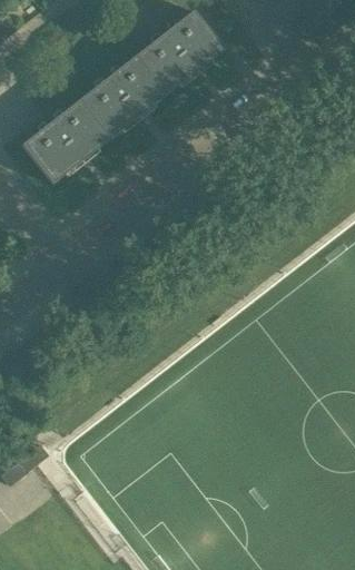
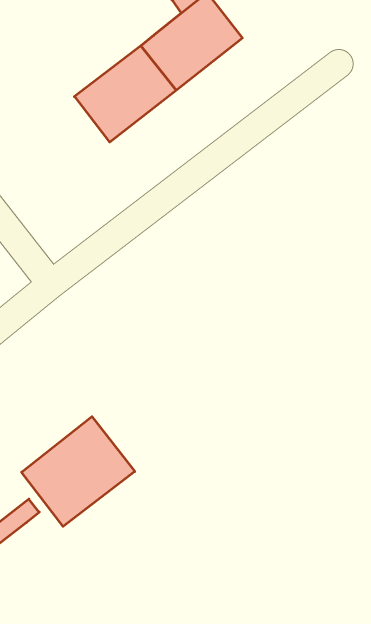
building: [21,100,109,184] -> none
building: none -> [22,417,135,526]

